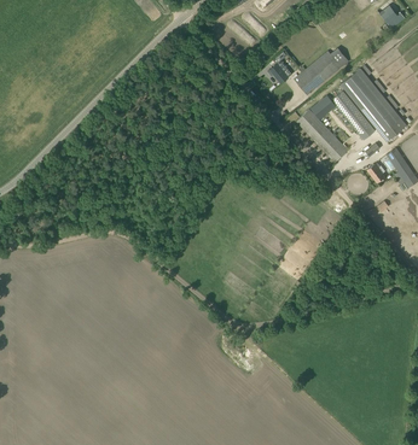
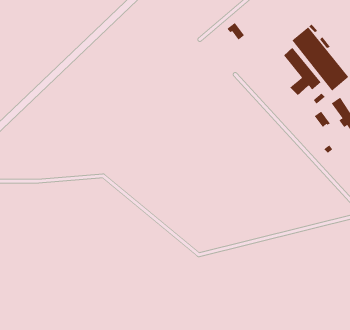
building: [294,51,341,94] -> none
building: [296,109,348,162] -> none

